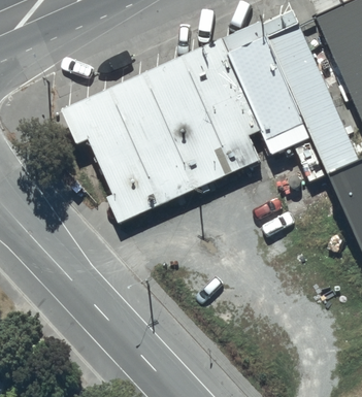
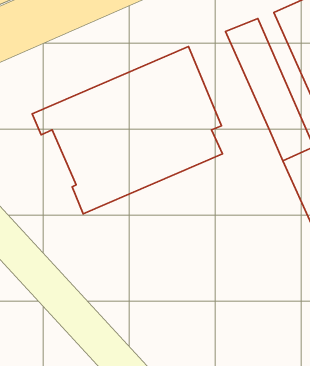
building: [227,35,310,154] -> none

